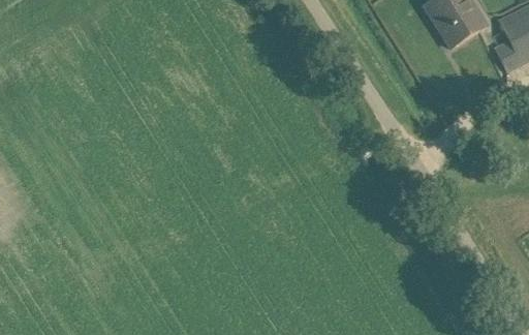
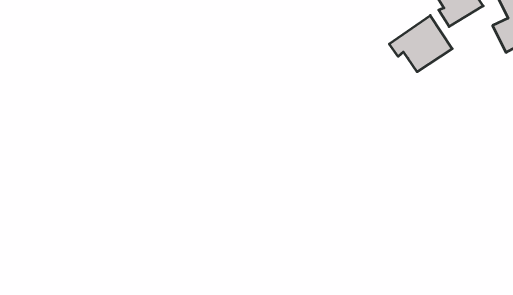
building: none -> [389,15,452,72]

